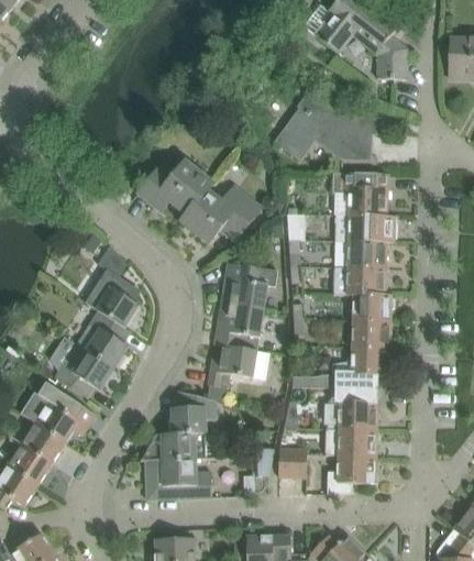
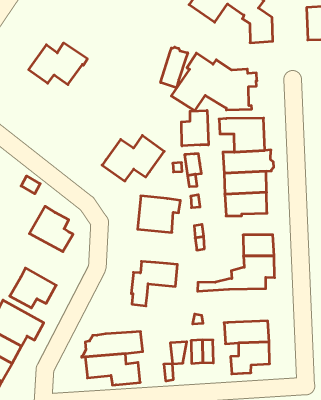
building: none -> [161,47,188,88]
building: none -> [181,110,208,146]
building: [139,161,213,213] -> [29,43,87,85]
building: [353,293,395,321] -> none
building: [214,304,264,349] -> none
building: [77,308,129,367] -> none
building: [323,386,378,429] -> none
building: [172,391,217,432] -> none

